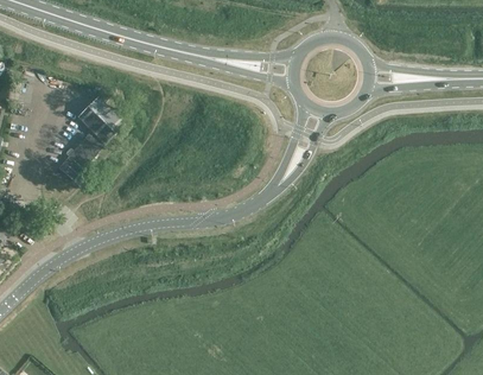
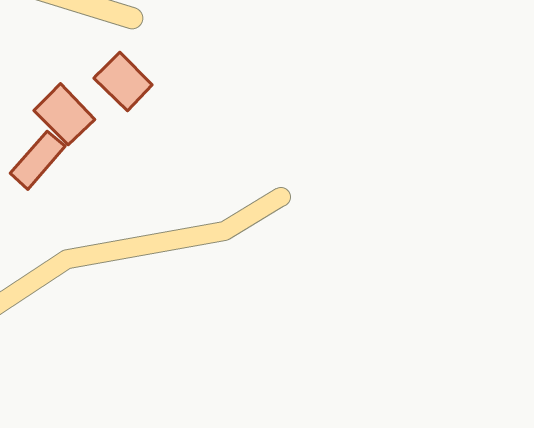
building: none -> [94,52,152,111]

